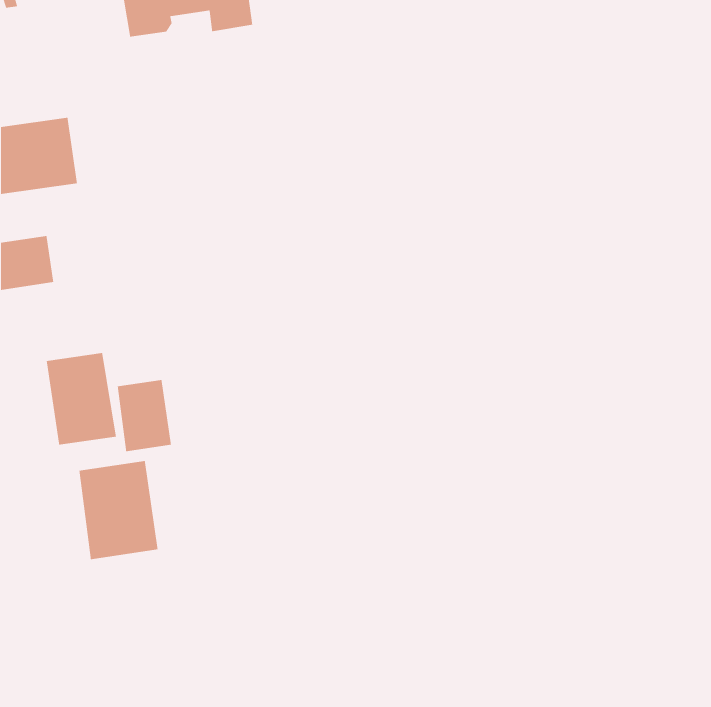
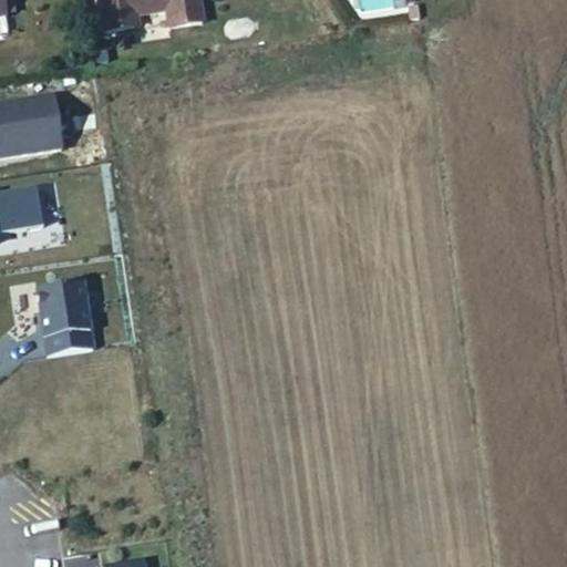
building: [117,379,172,452] -> none
building: [79,460,159,560] -> none

